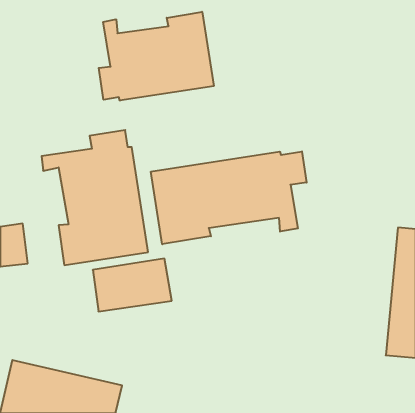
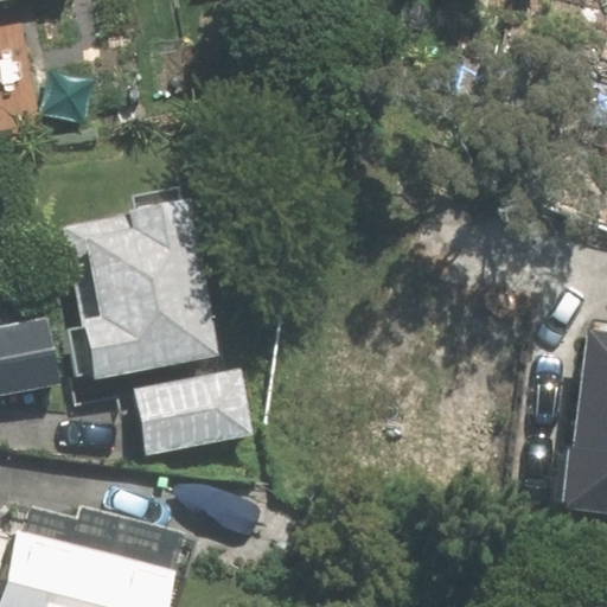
building: [99,12,214,101] -> none
building: [151,151,307,244] -> none

